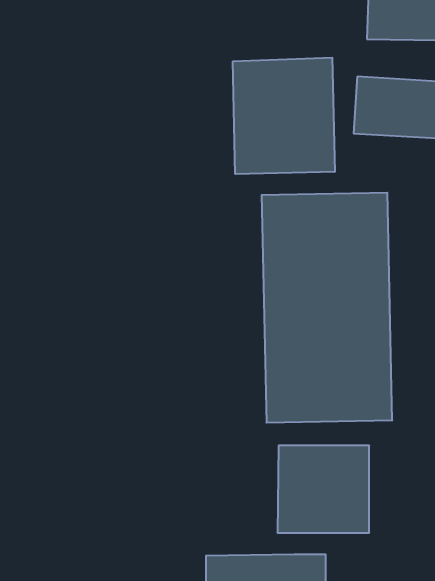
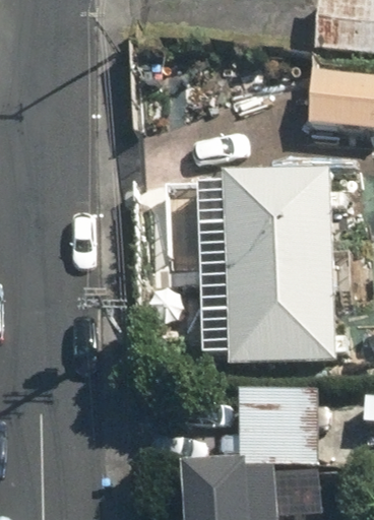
building: [233,58,335,174] -> none

